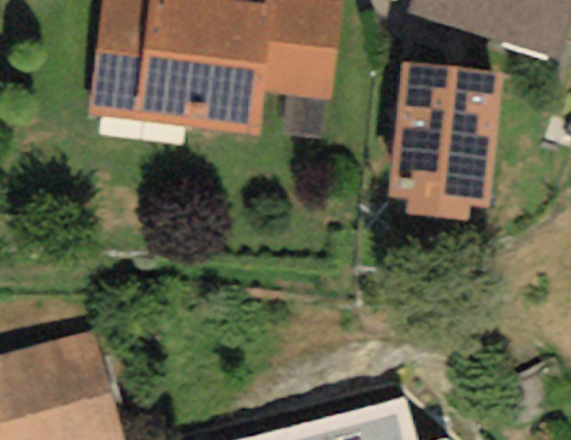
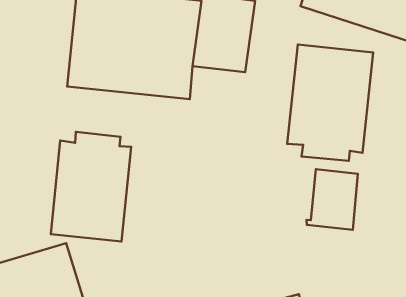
building: none -> [51,132,131,242]
building: none -> [307,169,358,230]

